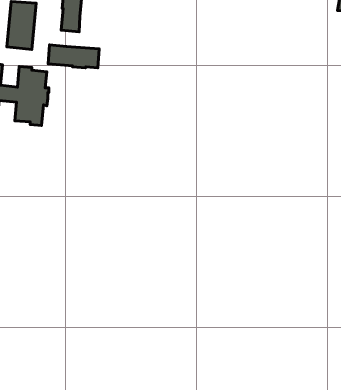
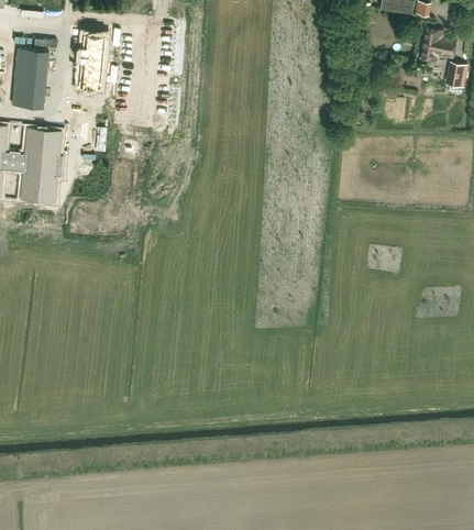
building: [48,45,99,68] -> none

